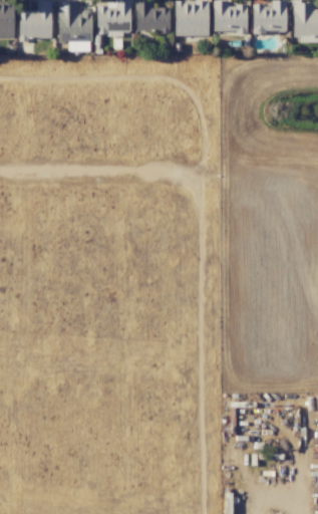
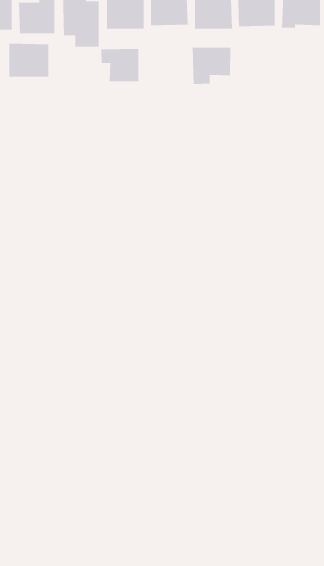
building: none -> [9,43,49,77]
building: none -> [192,47,231,85]
building: none -> [101,48,139,82]

